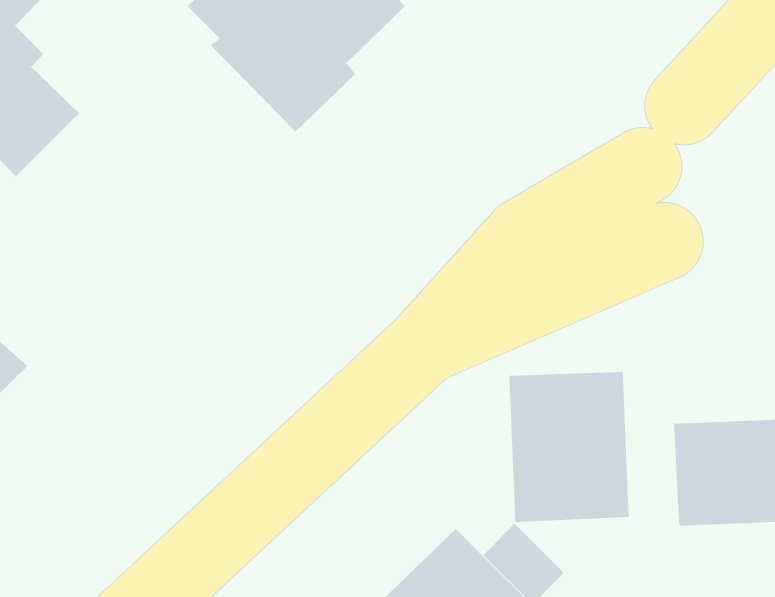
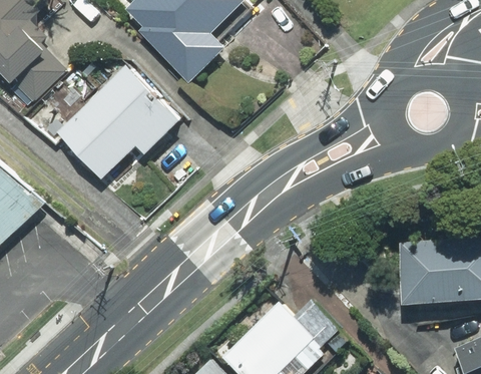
building: none -> [57,66,176,176]
building: [508,371,630,523] -> none

